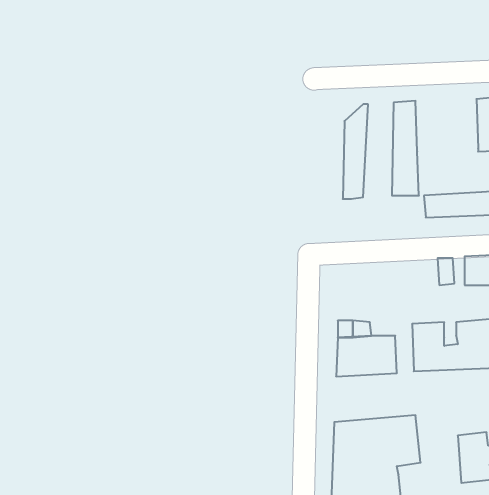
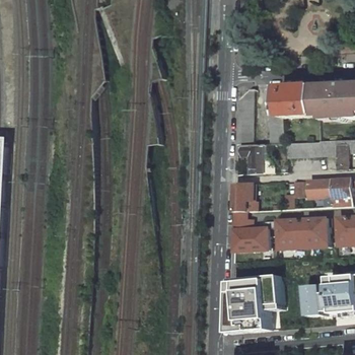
building: none -> [279,84,316,116]
building: none -> [240,143,271,172]
building: none -> [232,183,253,210]

